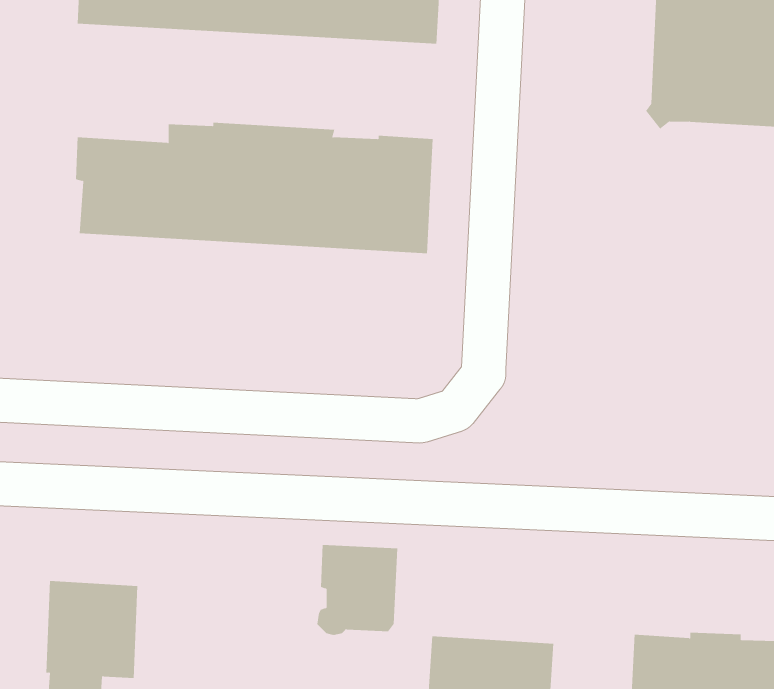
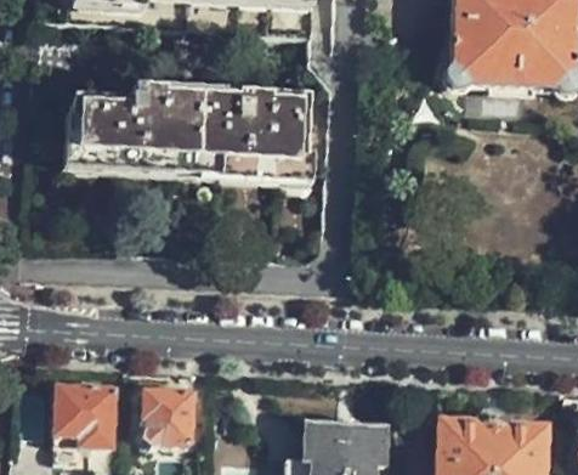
building: [316,544,398,635] -> [141,389,194,448]

